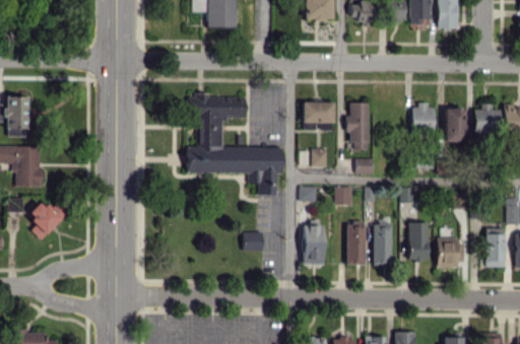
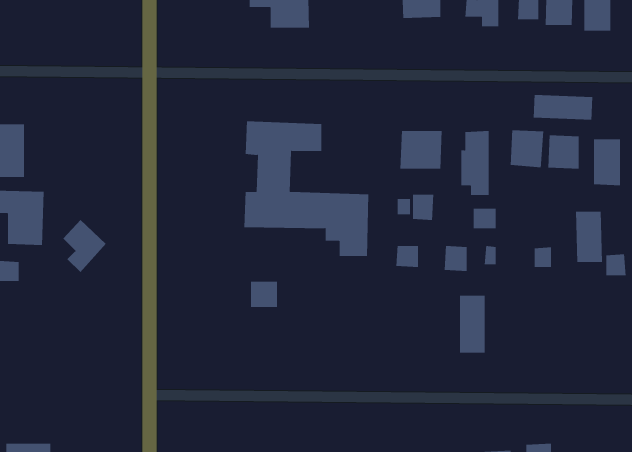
building: none -> [533,94,593,120]
building: none -> [510,129,544,168]
building: [28,200,61,239] -> [62,219,107,273]
building: [373,222,392,265] -> none
building: [408,222,429,260] -> [575,211,603,262]
building: [303,225,324,264] -> none
building: [244,231,264,251] -> [250,281,278,307]
building: [437,236,462,267] -> none

